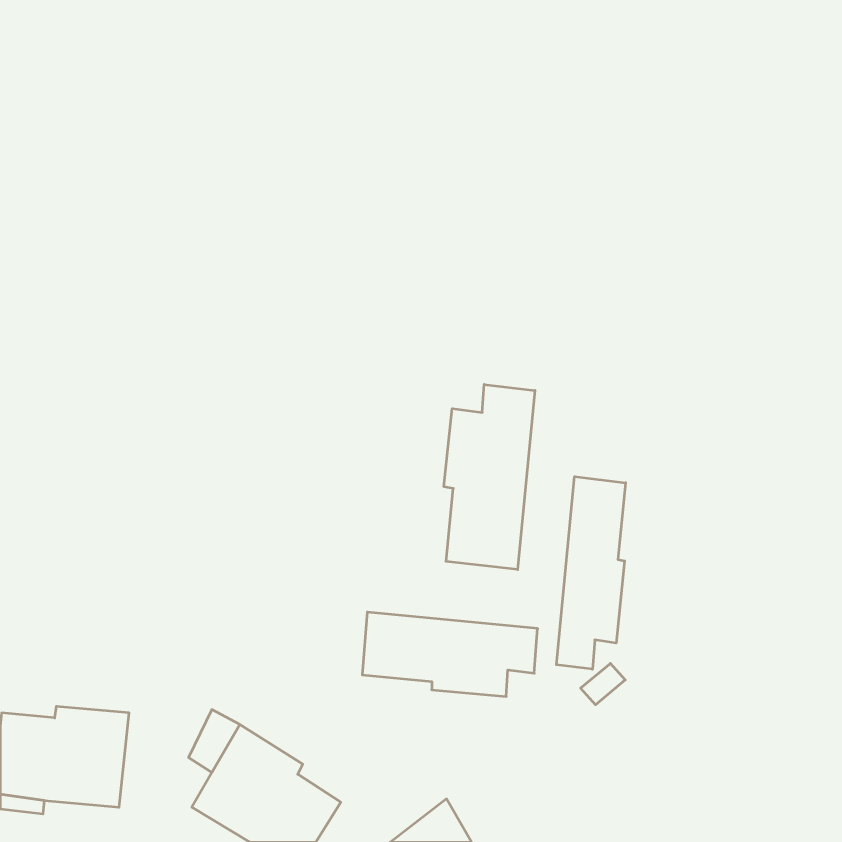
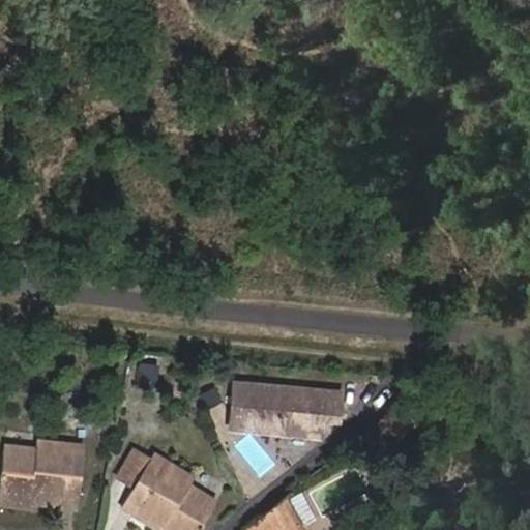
building: [444,384,535,570] -> none
building: [556,477,626,669] -> none

